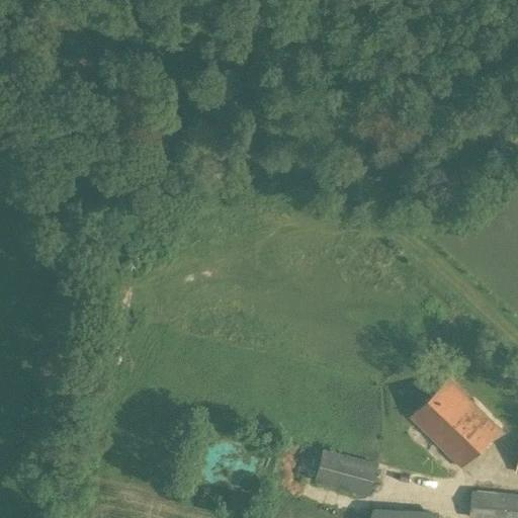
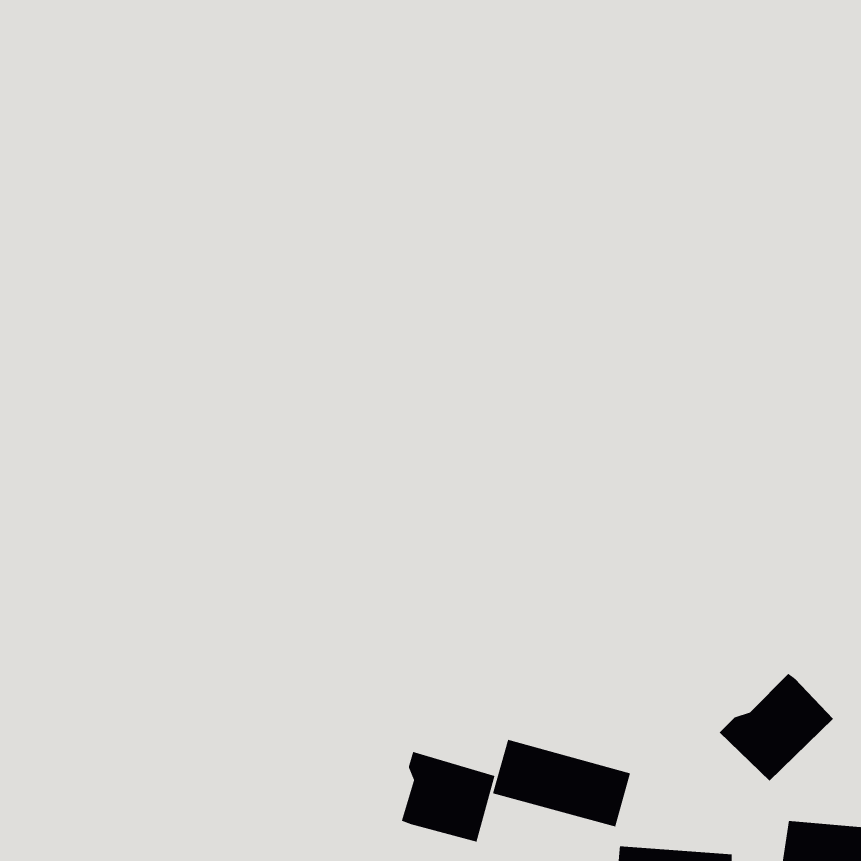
building: [412,381,473,440] -> none
building: none -> [401,751,495,843]

